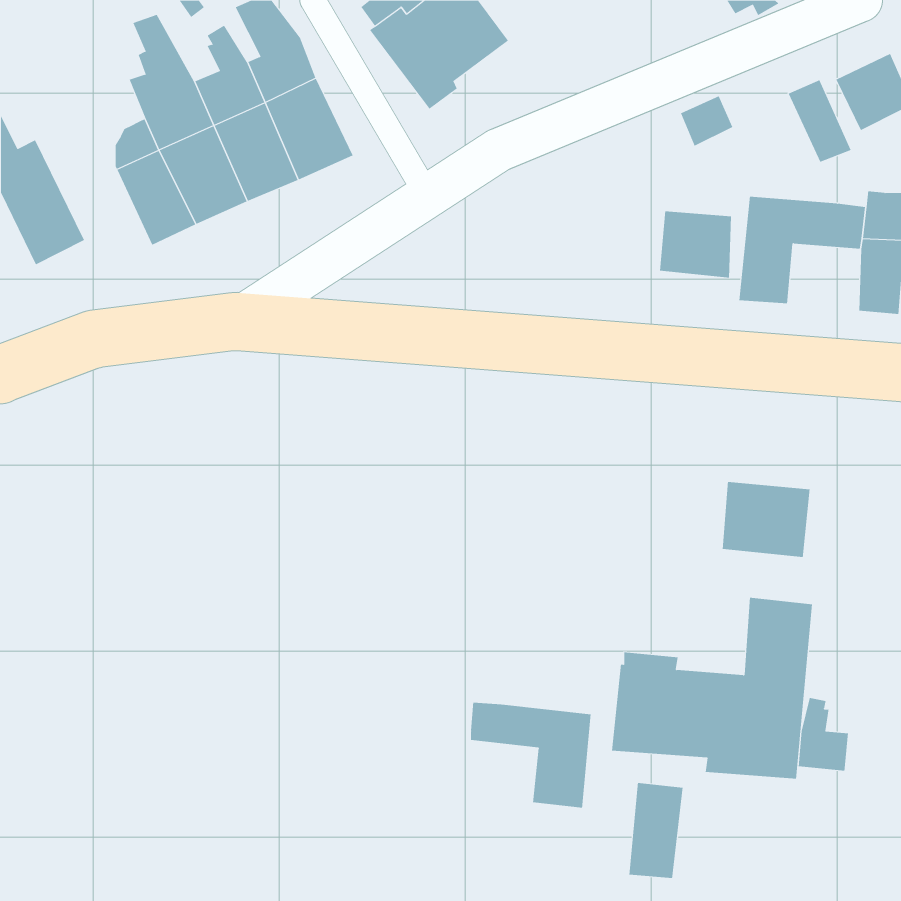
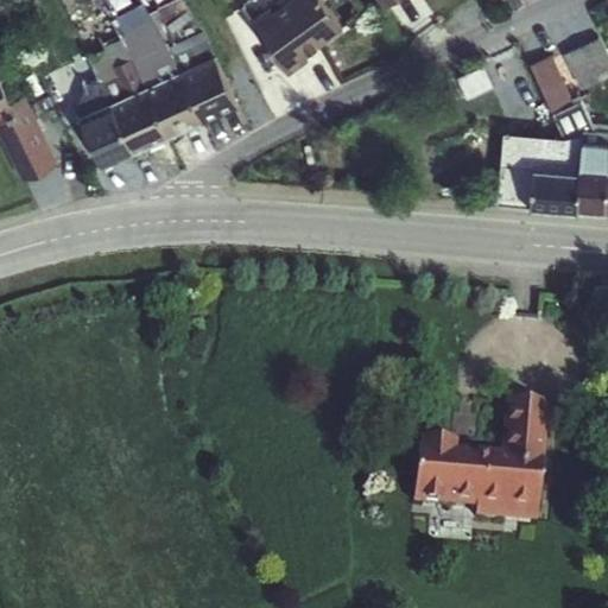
building: [659,211,732,278] -> [531,165,580,210]
building: [722,481,810,558] -> none
building: [798,697,848,772] -> none
building: [470,702,591,809] -> none
building: [629,782,683,879] -> none

